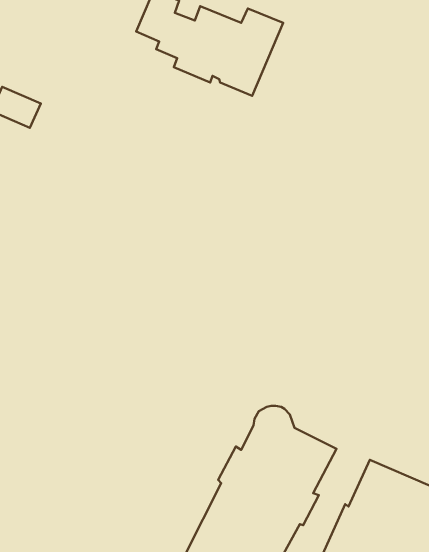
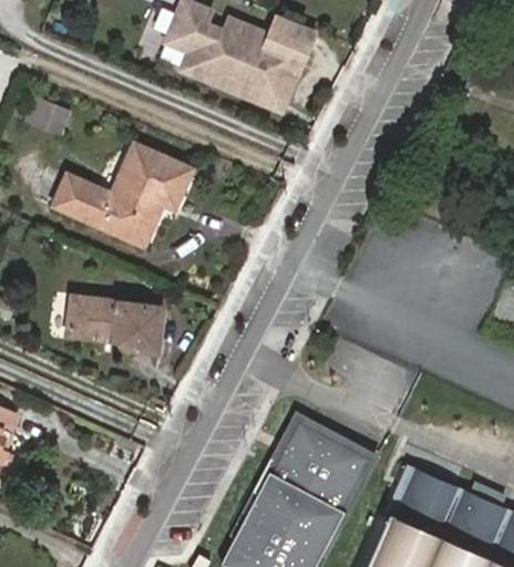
building: none -> [55,144,192,245]
building: none -> [70,296,164,350]

